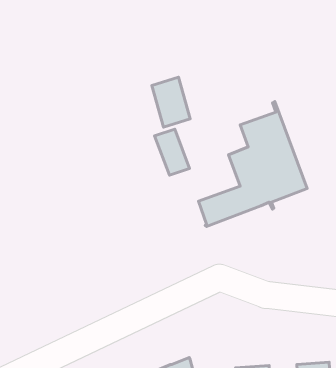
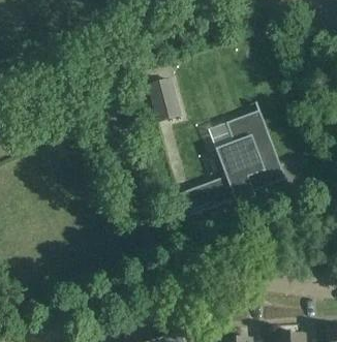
building: [155,129,189,175] -> none

